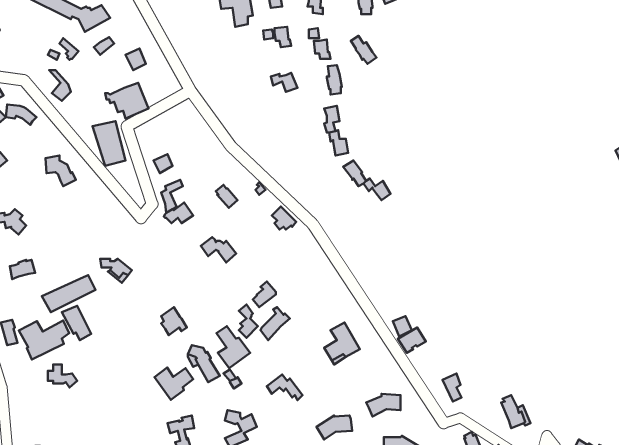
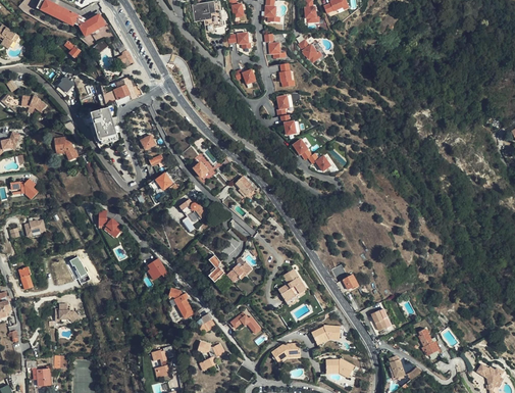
building: [42,275,96,312] -> none
building: [19,321,69,360] -> none
building: [216,326,250,368] -> none
building: [154,368,193,400] -> none

